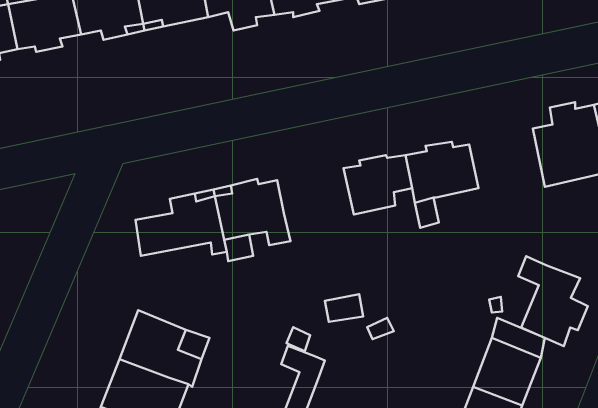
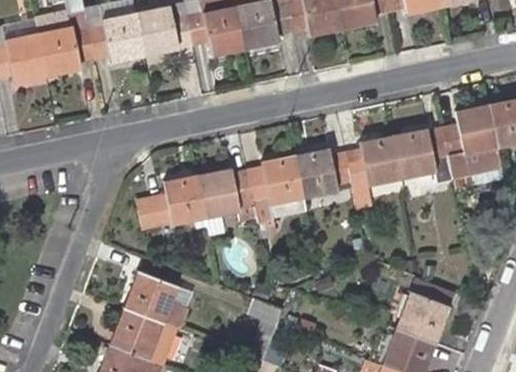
building: none -> [394,131,453,184]
building: none -> [246,161,306,235]
building: [518,256,588,346] -> none

